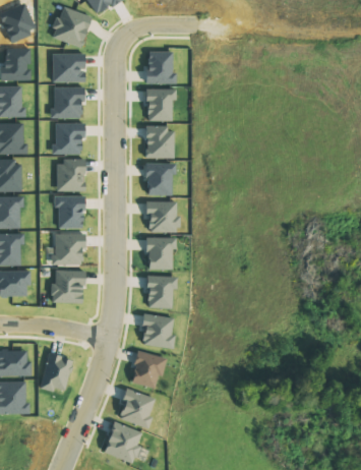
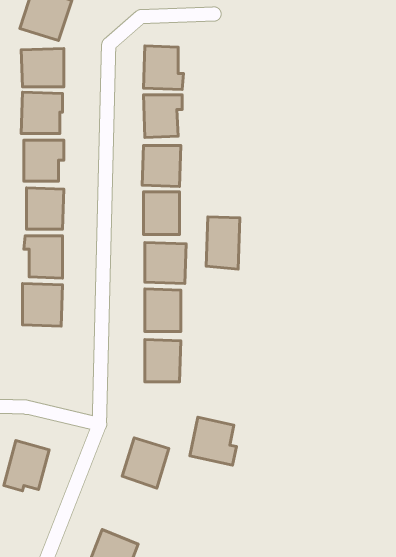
building: none -> [206,217,240,269]
building: [50,270,83,304] -> none
building: [139,313,175,350] -> [190,417,236,465]
building: [118,388,157,428] -> none

